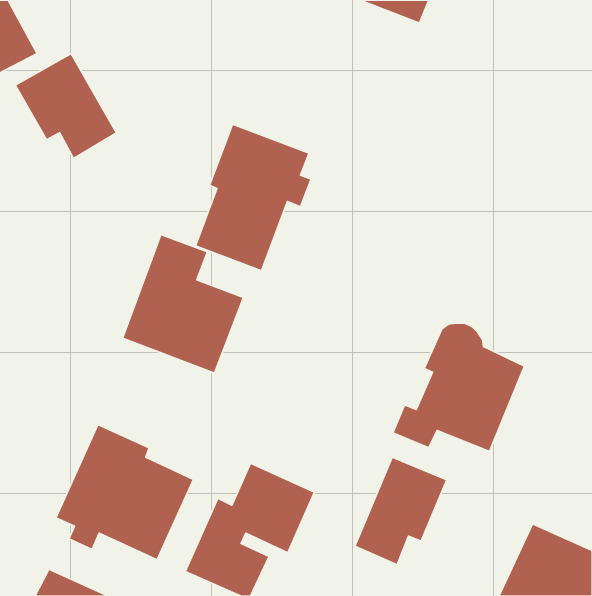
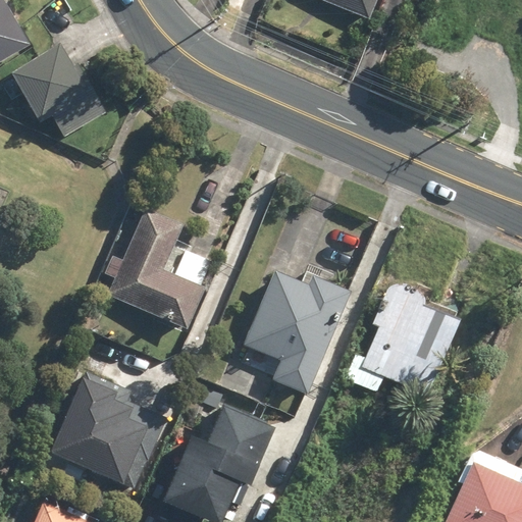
building: [196,124,311,271] -> none
building: none -> [242,269,350,397]
building: [355,457,447,565] -> none

